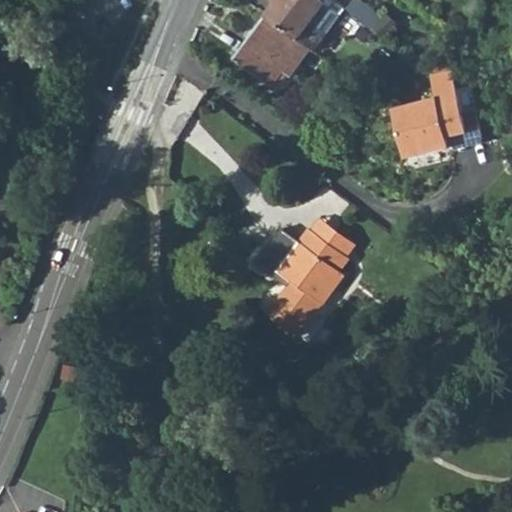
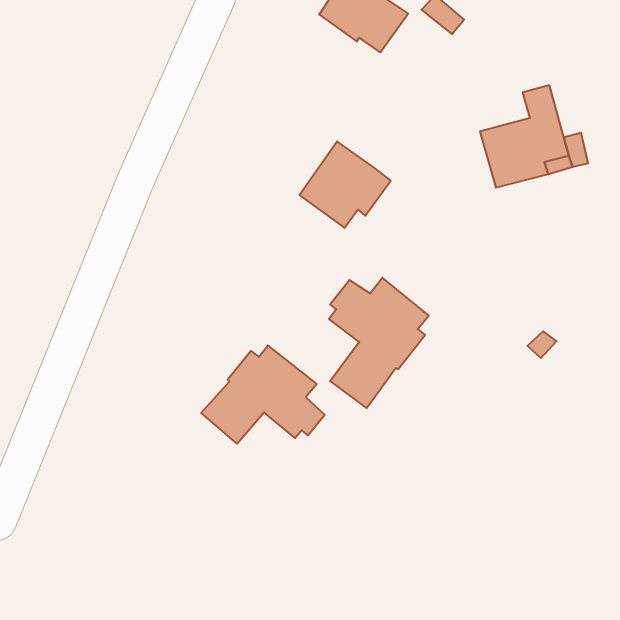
building: [231,12,306,83] -> [299,141,391,228]
building: none -> [201,345,325,444]

